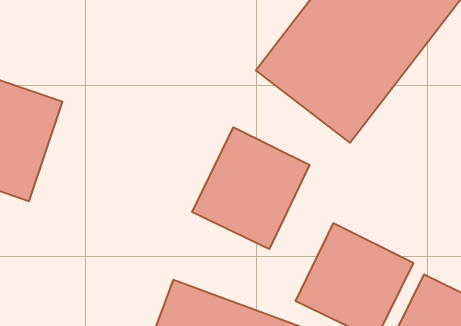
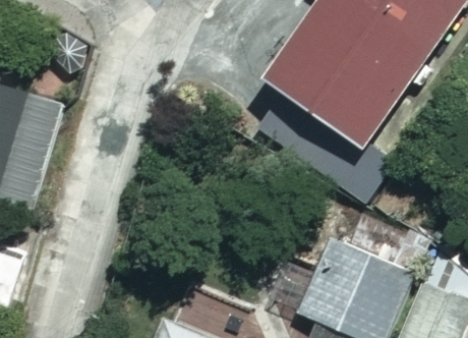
building: [192,127,310,249] -> none

